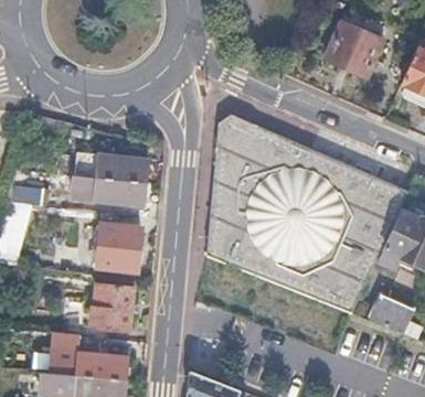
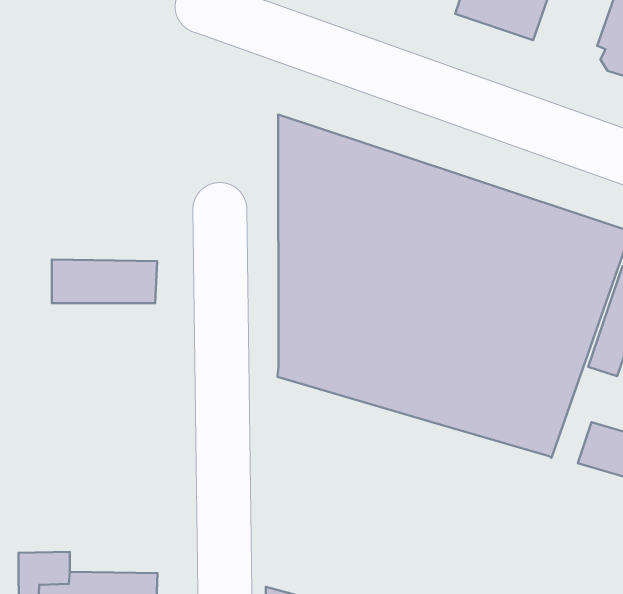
building: [86,151,147,182] -> none
building: [96,223,140,271] -> none
building: [91,283,135,331] -> none

